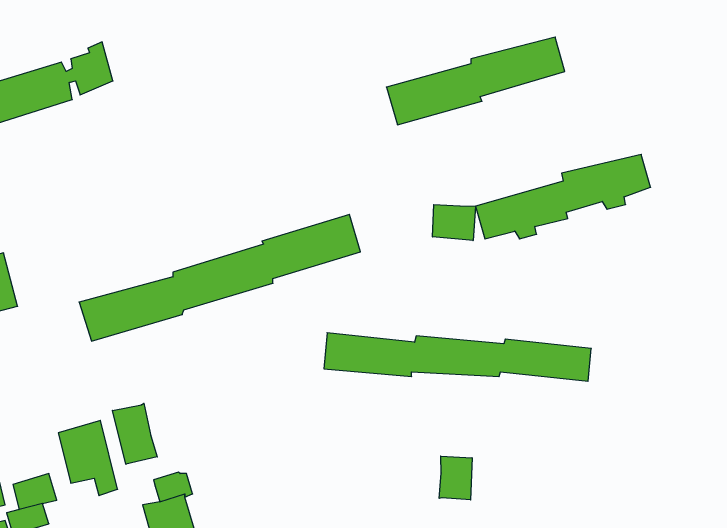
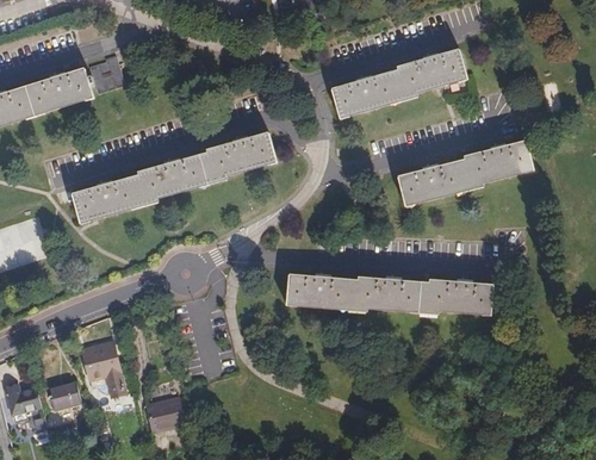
building: [433,205,476,241] -> none
building: [79,214,360,341] -> [68,128,283,224]
building: [112,403,157,464] -> none
building: [439,456,472,500] -> none

